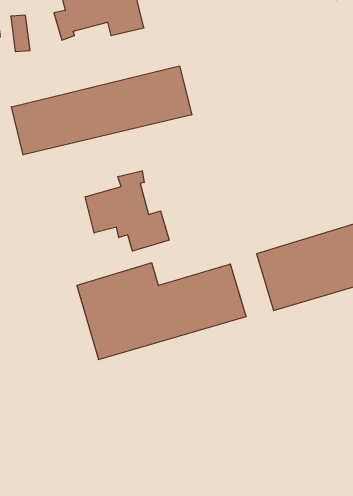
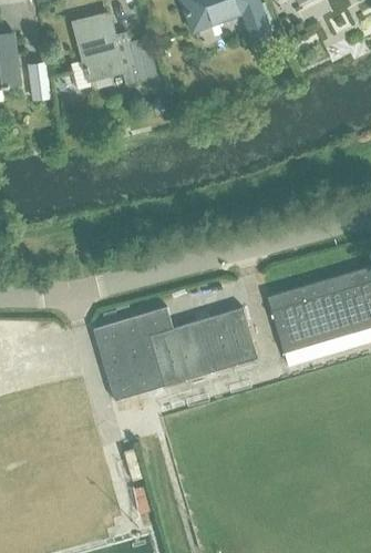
building: [11,66,192,155] -> none
building: [85,171,169,251] -> none

